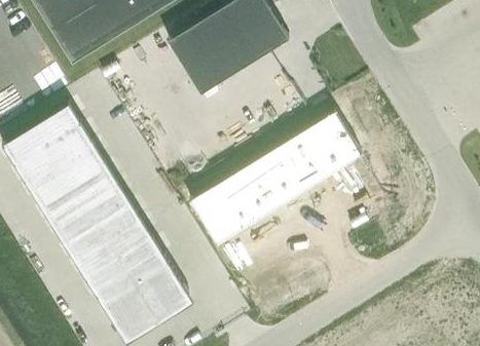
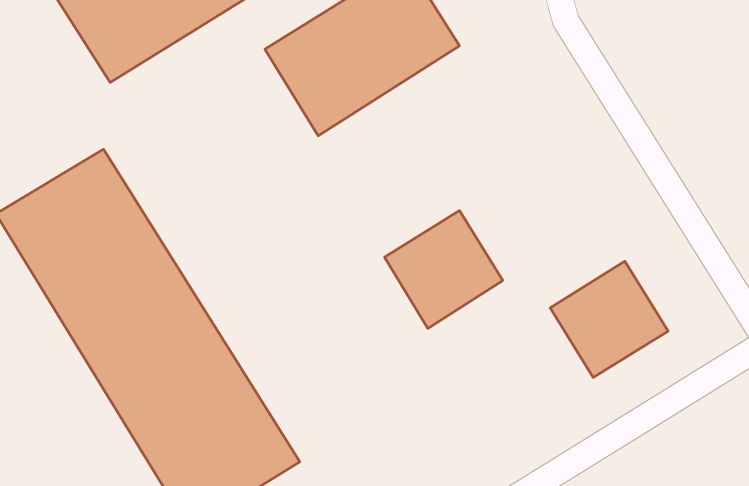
building: [289,114,362,186] -> [550,261,668,378]
building: [190,171,269,247] -> none

